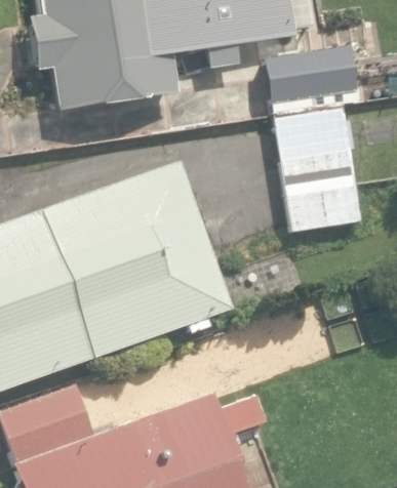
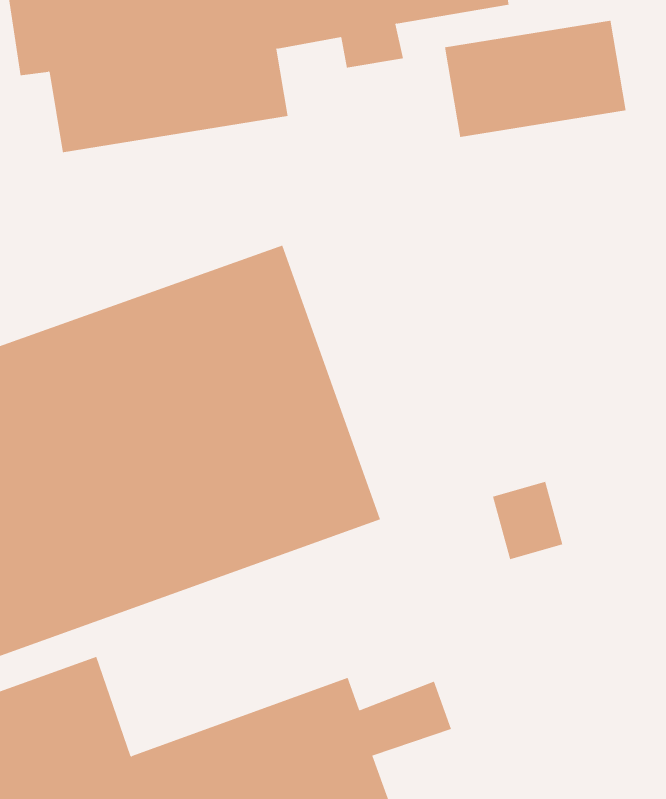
building: [275,101,361,231] -> none

